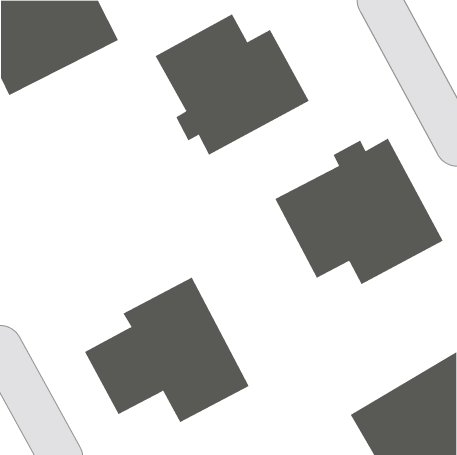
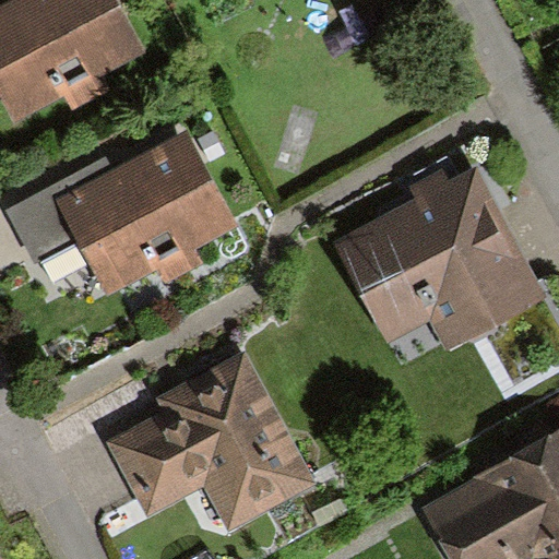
building: [155,14,309,155] -> none
building: none -> [11,131,240,296]

